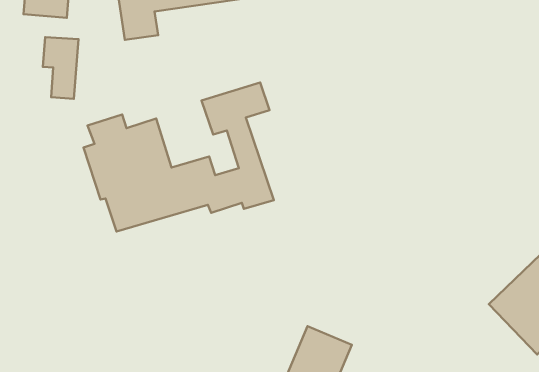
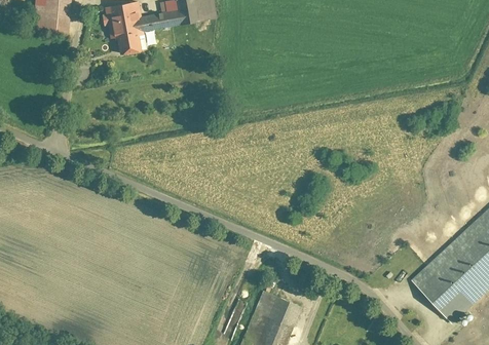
building: [43,37,79,99] -> none
building: [83,82,274,232] -> none

